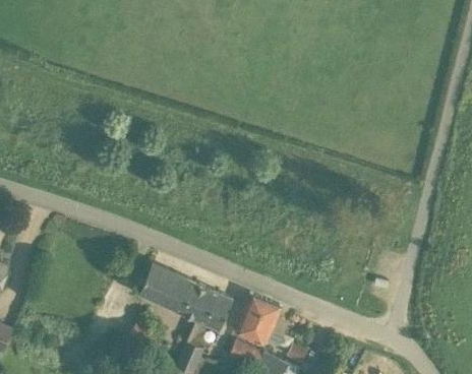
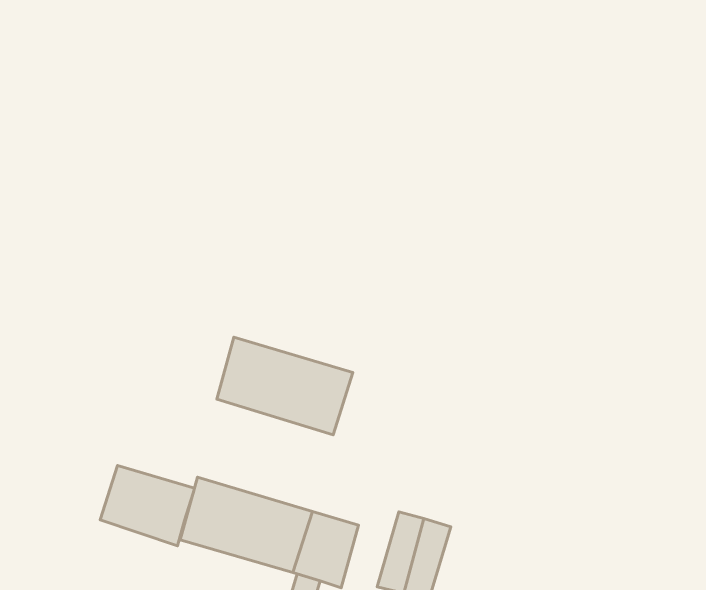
building: none -> [217,337,353,435]
building: none -> [100,465,195,546]

